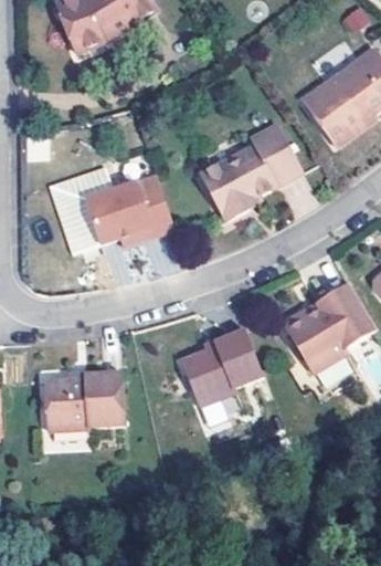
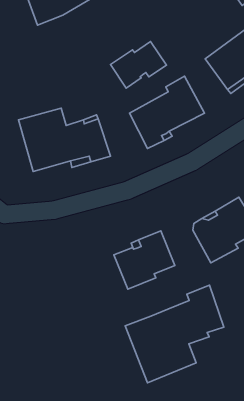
building: none -> [110,42,166,88]
building: [44,373,121,430] -> none
building: none -> [125,285,224,383]

